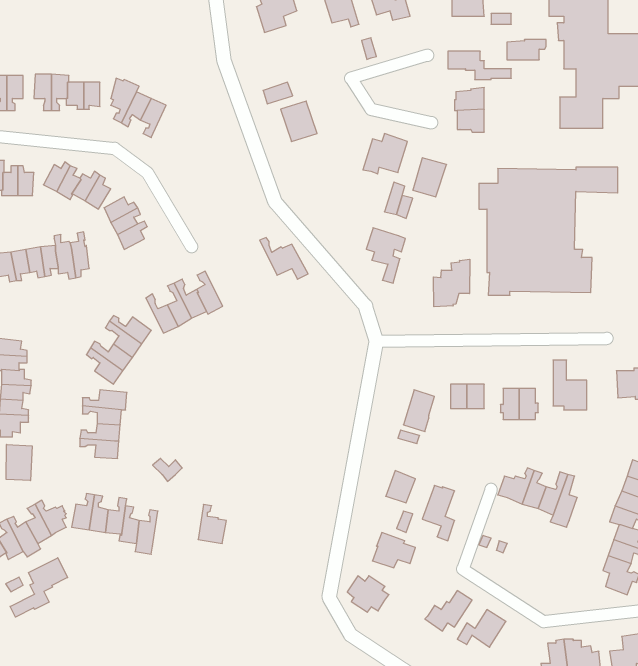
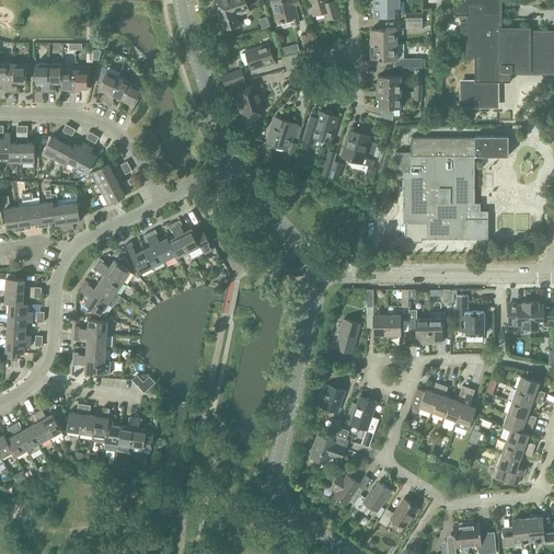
building: [507,40,546,60] -> [371,27,403,44]
building: none -> [245,44,275,69]
building: [366,228,405,283] -> [269,118,301,163]
building: [260,238,308,279] -> [174,220,213,254]
building: [433,259,470,307] -> none
building: [6,444,32,481] -> none
building: [198,504,226,543] -> [131,417,154,449]
building: [10,558,68,617] -> none
building: [347,576,389,612] -> [330,474,363,504]

